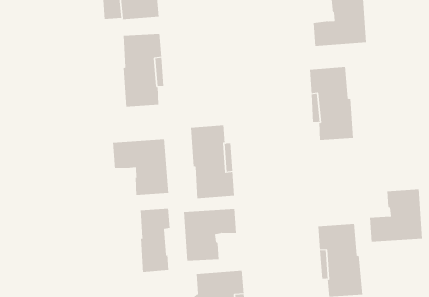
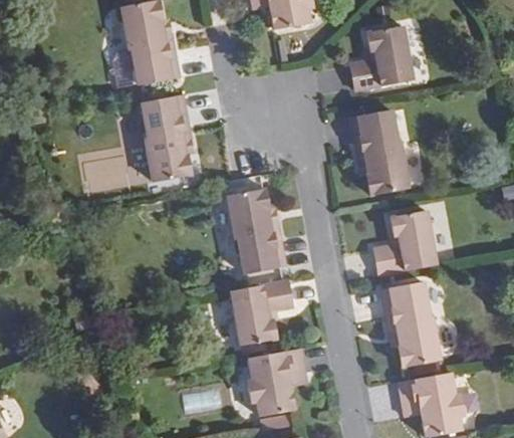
building: [112,138,169,196] -> none
building: [369,189,423,242] -> [373,210,436,275]
building: [140,208,170,273] -> none

